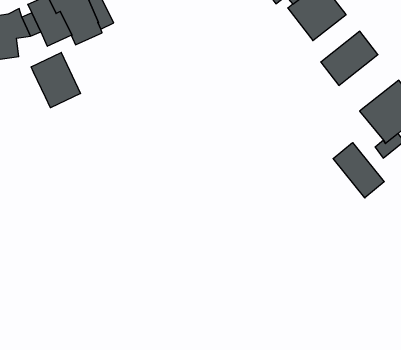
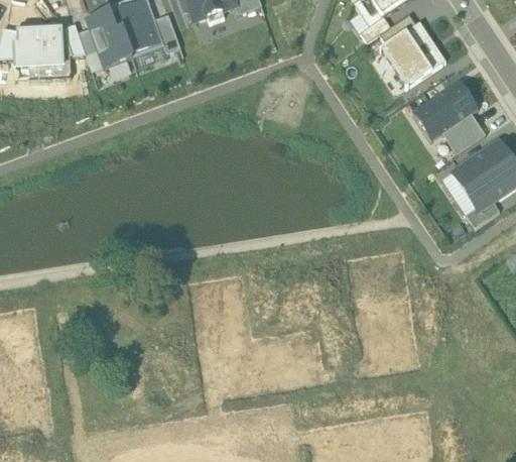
building: [31,52,80,108] -> none
building: none -> [441,111,485,151]
building: [333,143,384,198] -> none

